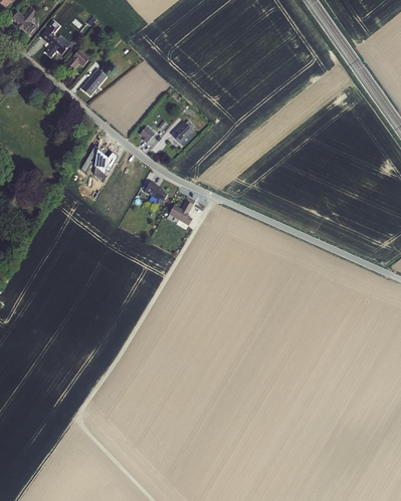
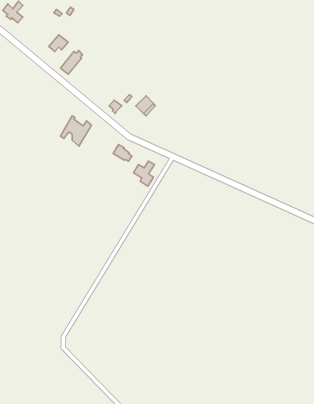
building: [39,19,69,55] -> none

